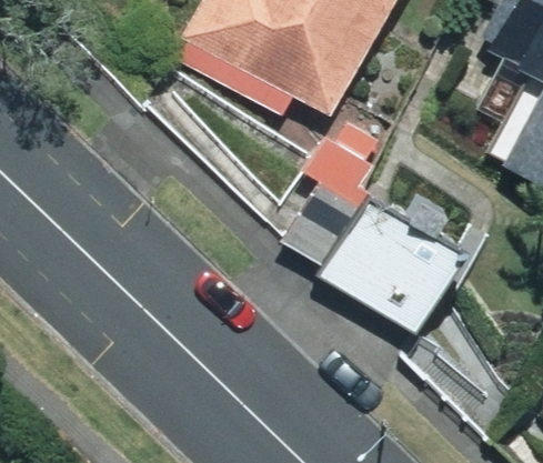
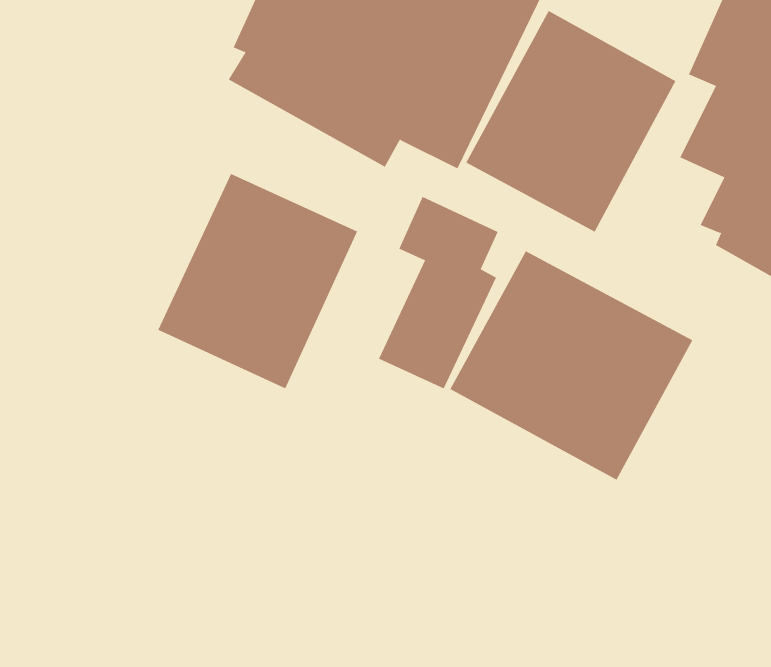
building: none -> [466,10,676,232]
building: none -> [157,173,358,389]

